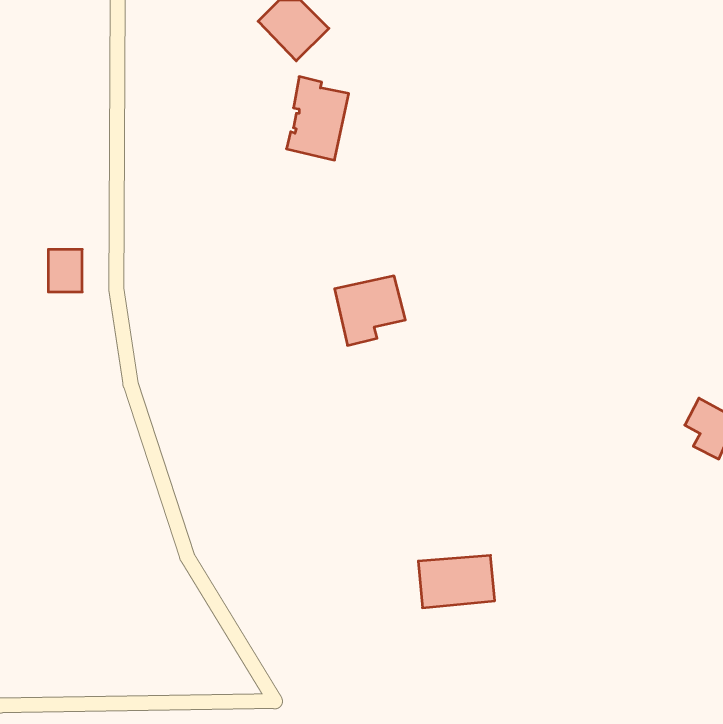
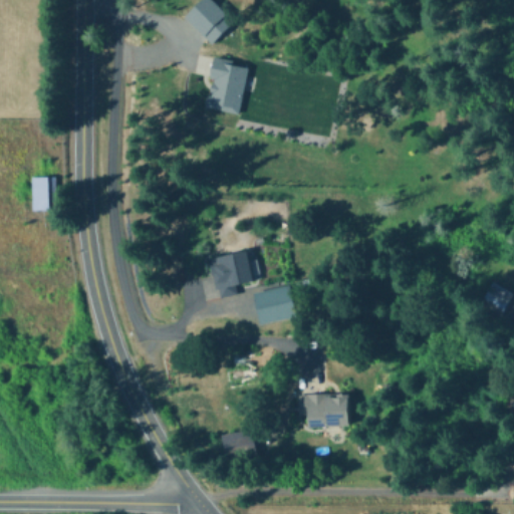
building: [335,276,405,345] -> [209,251,259,300]
building: none -> [253,286,299,326]
building: none -> [222,430,253,452]

